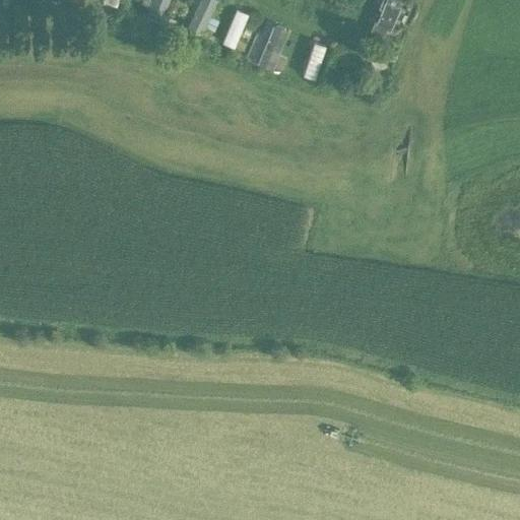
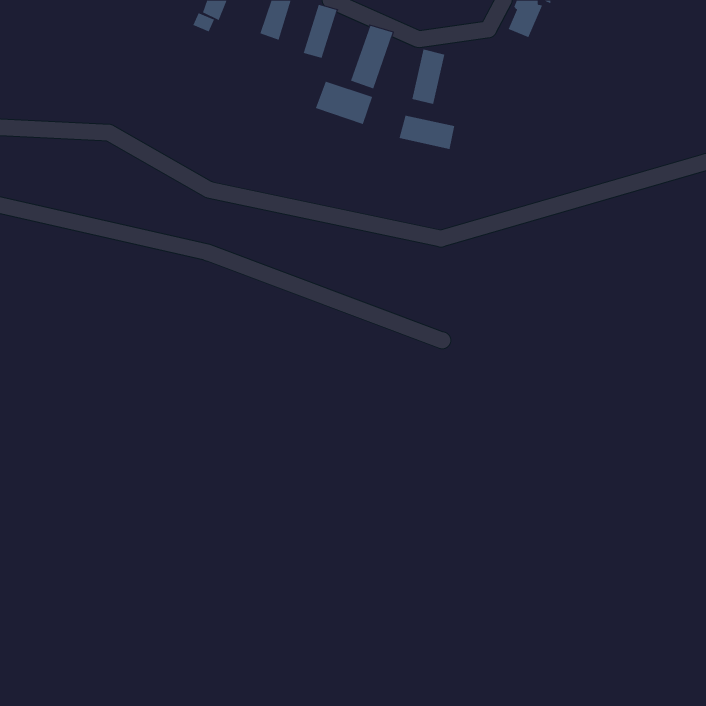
building: none -> [315,81,373,125]
building: none -> [399,115,455,150]

